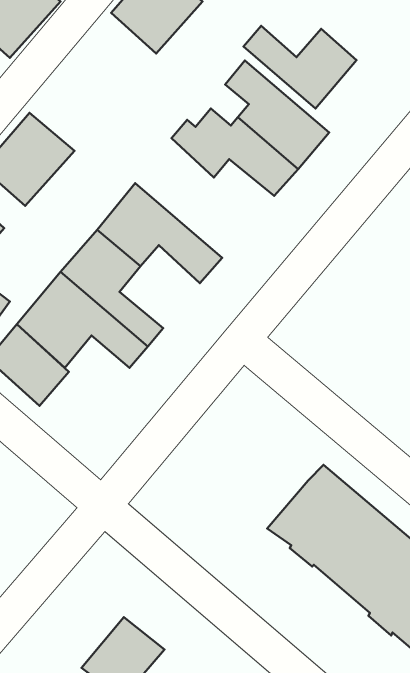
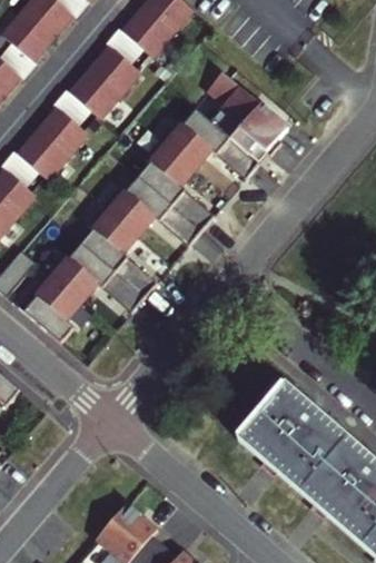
building: [243,26,357,109] -> none
building: none -> [67,46,140,121]
building: none -> [136,128,217,223]

